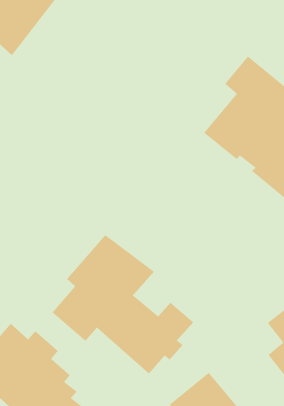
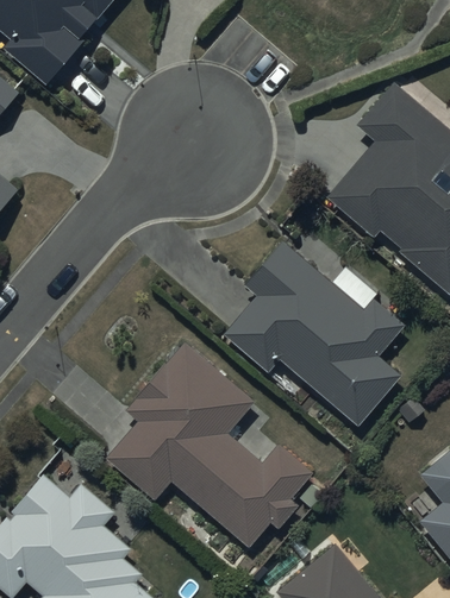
building: none -> [223,240,405,424]

